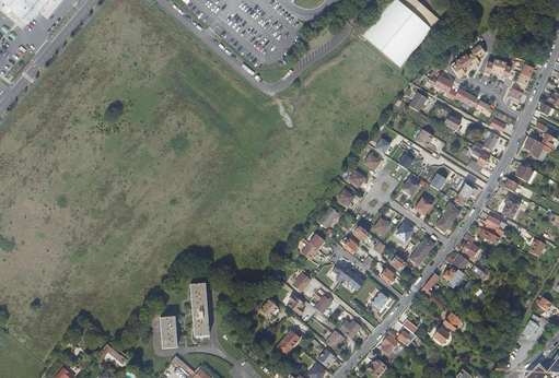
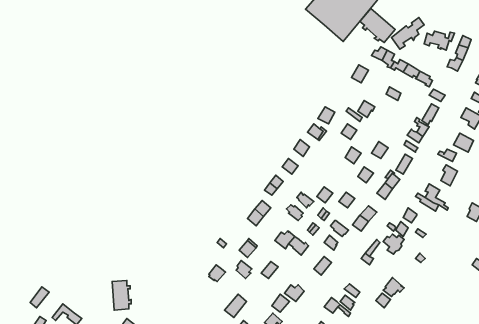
building: none -> [360,9,395,43]
building: [189,283,209,335] -> none

